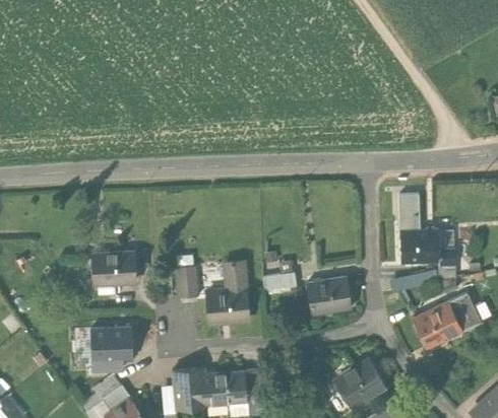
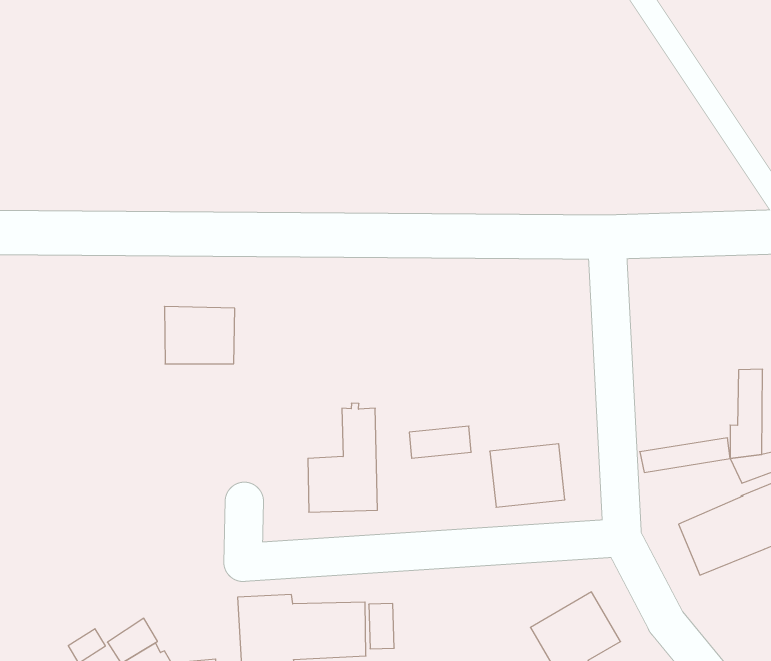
building: [399,196,439,264] -> none
building: [94,254,133,286] -> [164,306,235,364]
building: [176,268,197,298] -> none
building: [90,329,131,371] -> none

